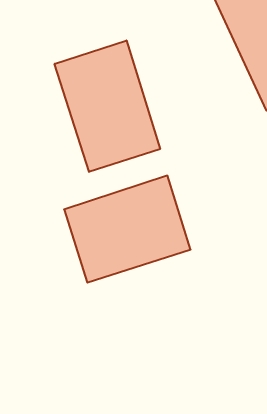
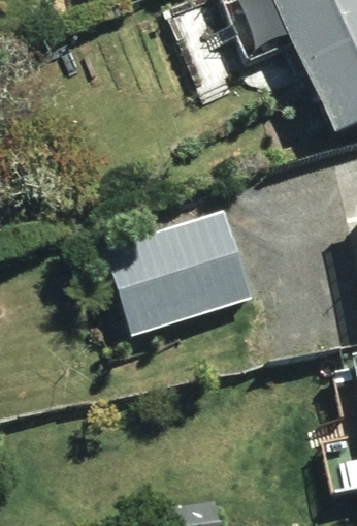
building: [55,40,160,172] -> none

